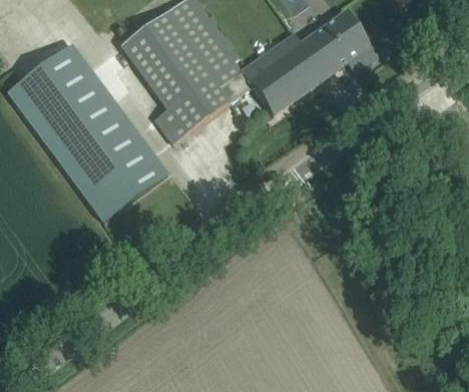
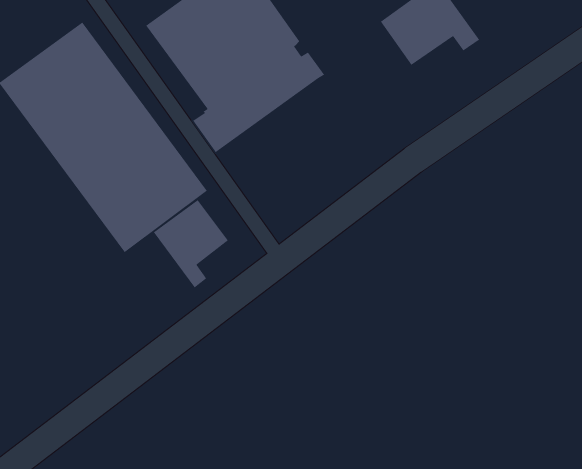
building: [246,33,325,115] -> none
building: none -> [153,199,229,288]

